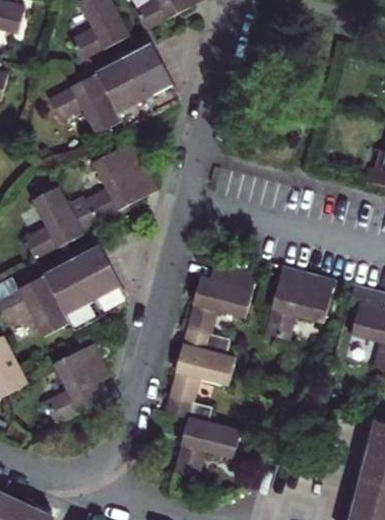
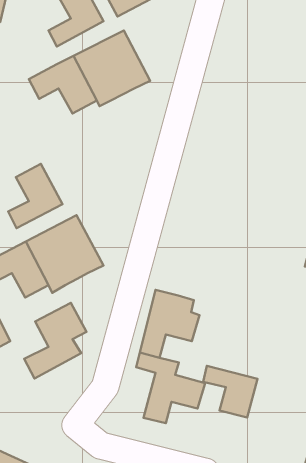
building: [82,139,156,219] -> none
building: [263,262,329,338] -> none
building: [185,263,255,332] -> none
building: none -> [203,366,257,417]

